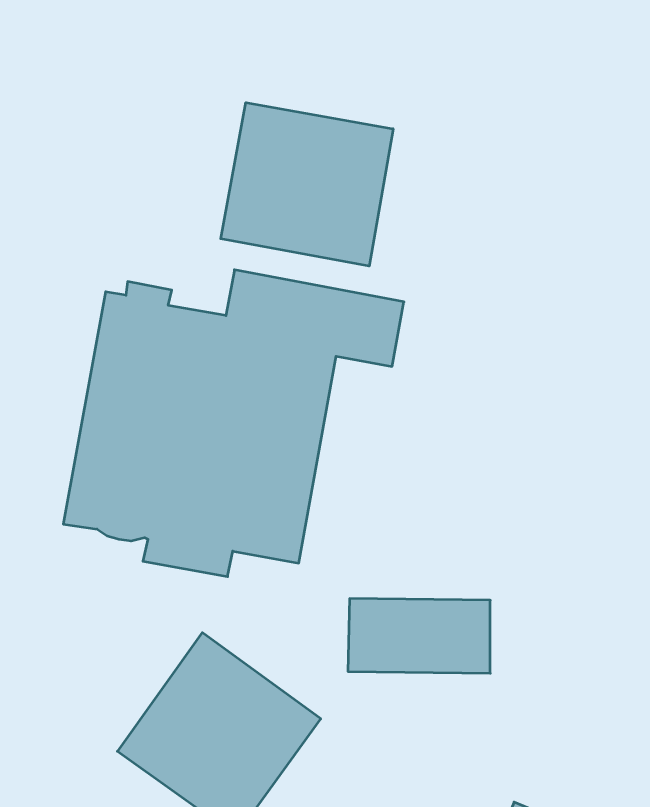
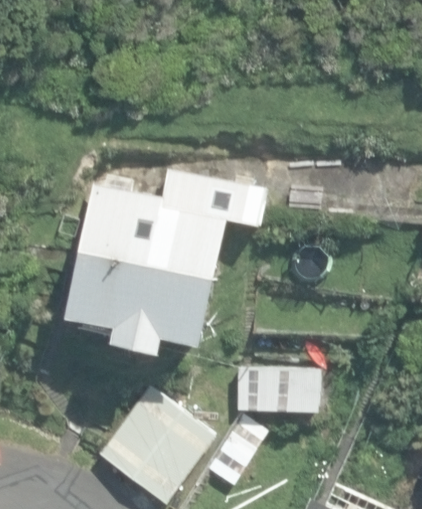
building: [221,103,393,266] -> none

